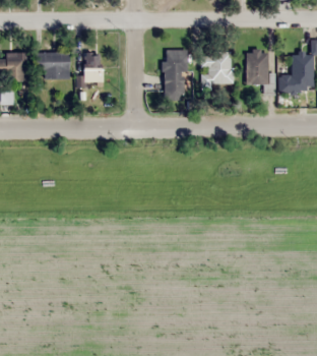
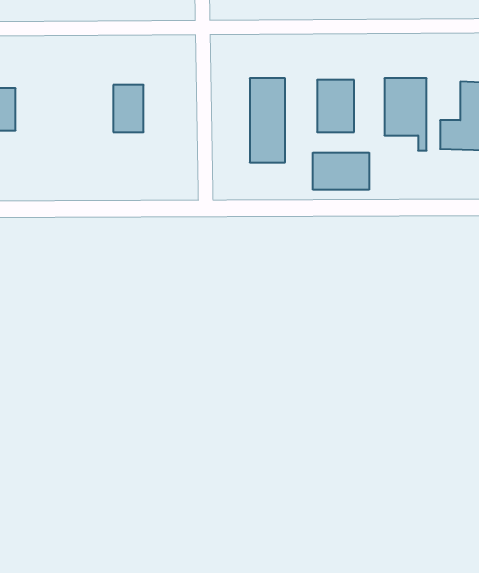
building: [36,52,69,78] -> none
building: none -> [313,153,369,190]

